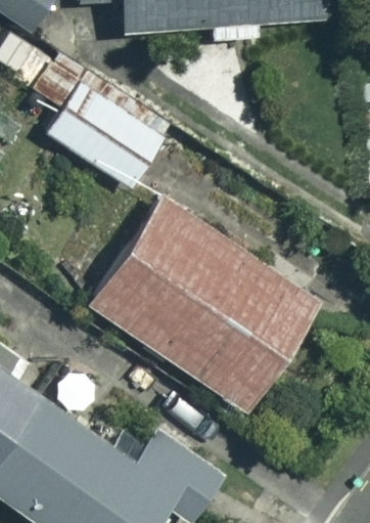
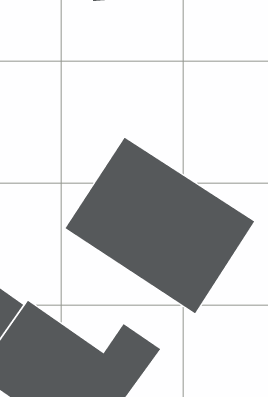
building: [48,83,166,187] -> none

